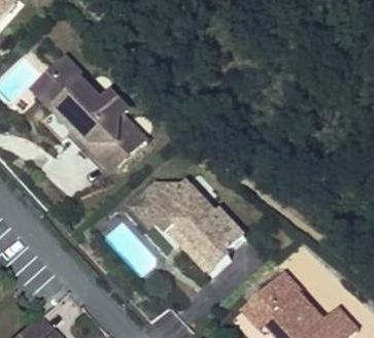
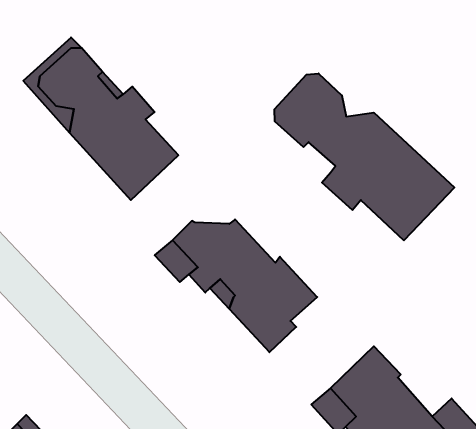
building: none -> [274,73,454,240]

